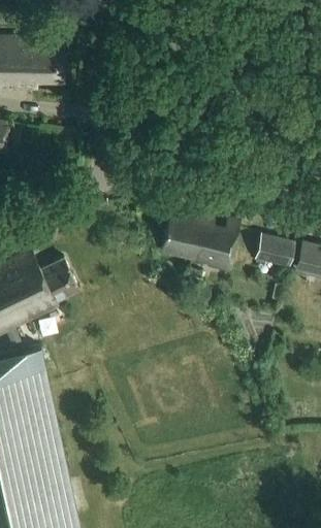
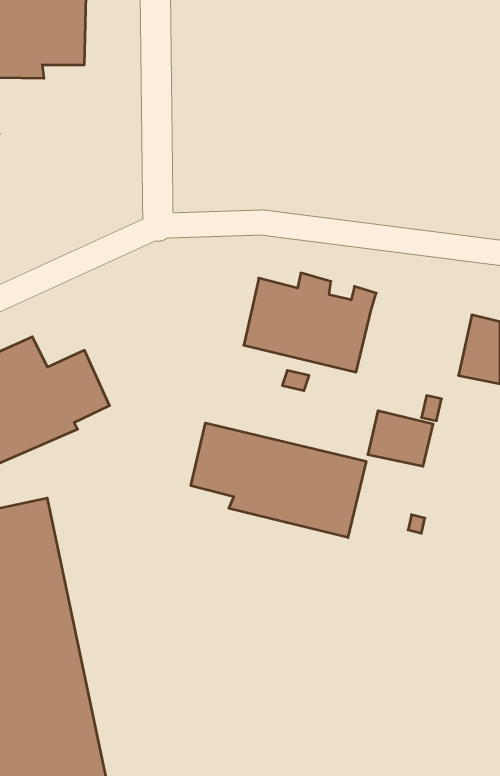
building: [253,234,293,268] -> [368,411,433,466]
building: none -> [191,423,366,538]

